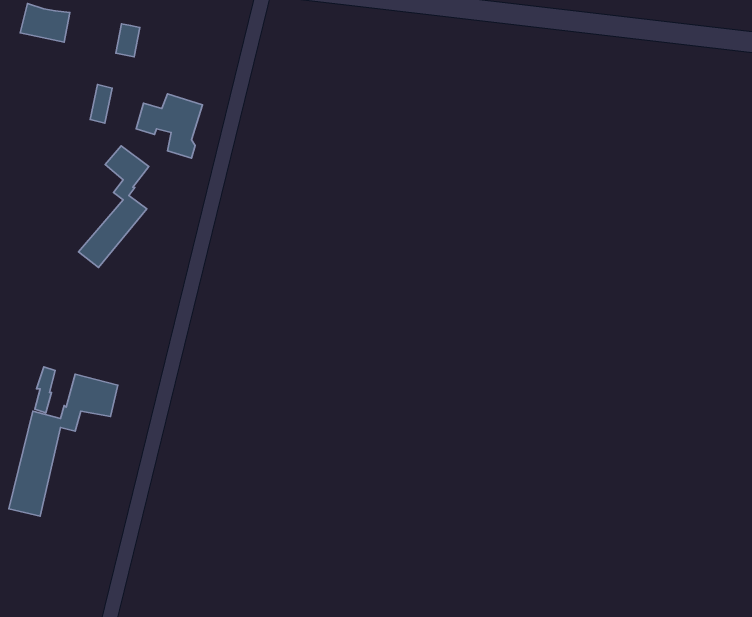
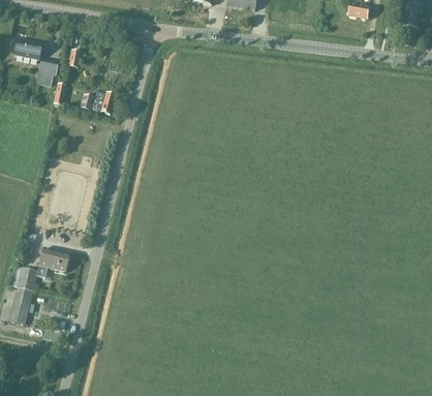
building: none -> [36,57,59,86]
building: [78,146,149,268] -> none

